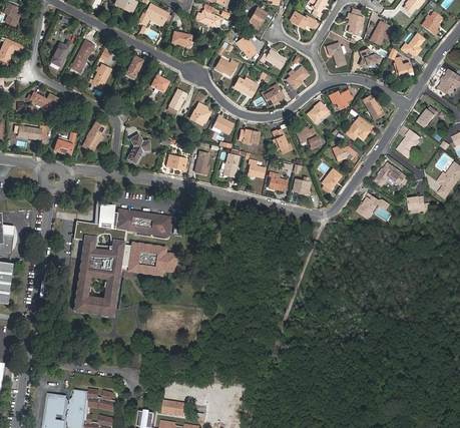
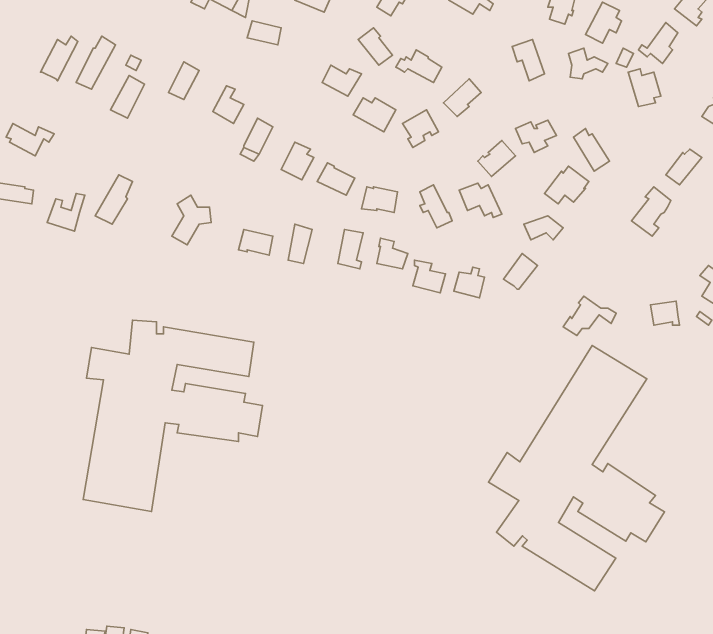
building: [376,162,407,185] -> none
building: none -> [488,345,665,591]

